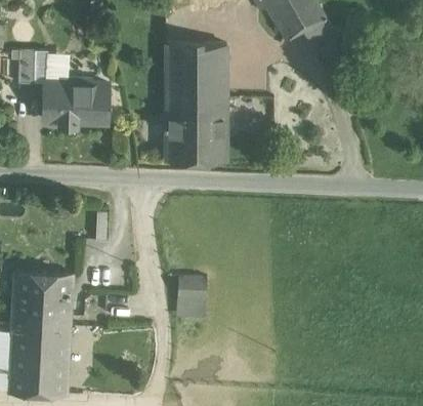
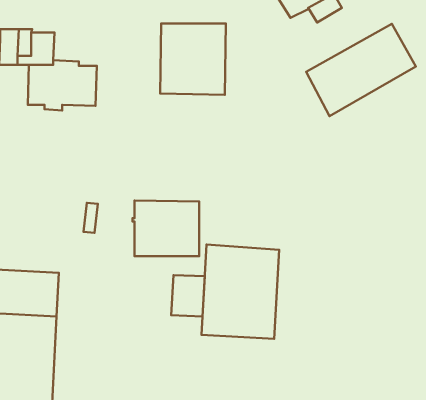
building: none -> [306,24,416,116]
building: [164,111,225,162] -> [132,200,199,256]
building: none -> [201,244,279,339]

